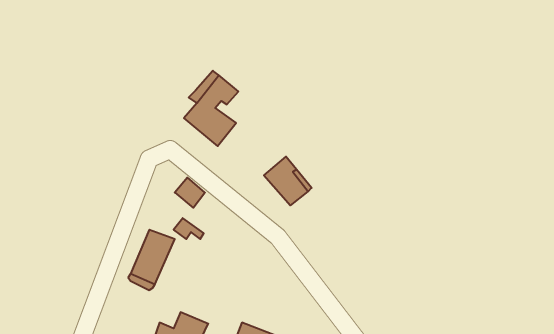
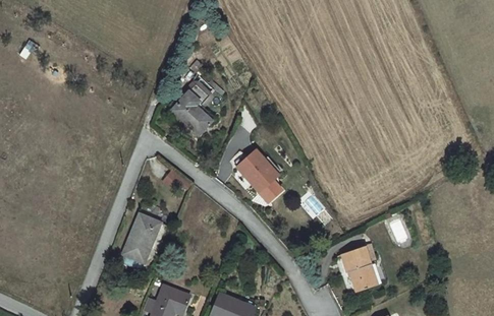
building: none -> [343,246,377,289]

